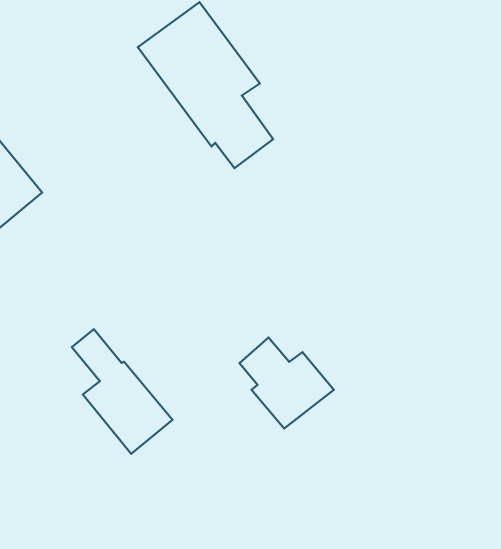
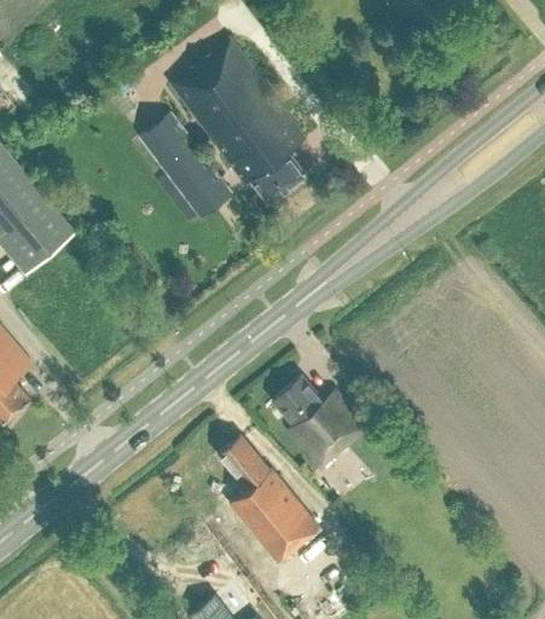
building: none -> [139,111,232,219]
building: [72,329,172,454] -> [219,436,319,561]

